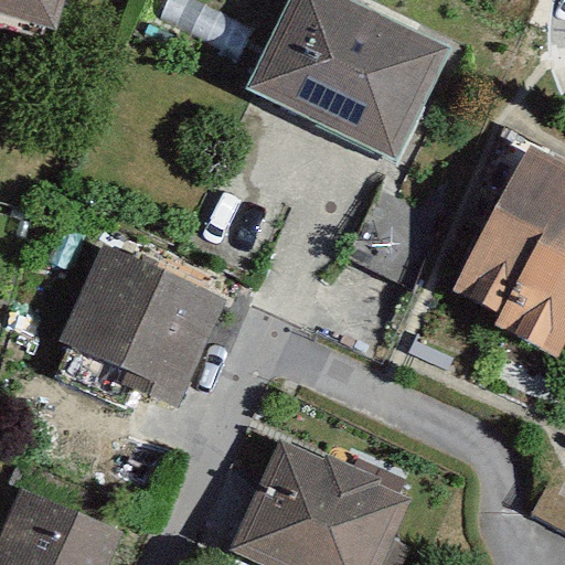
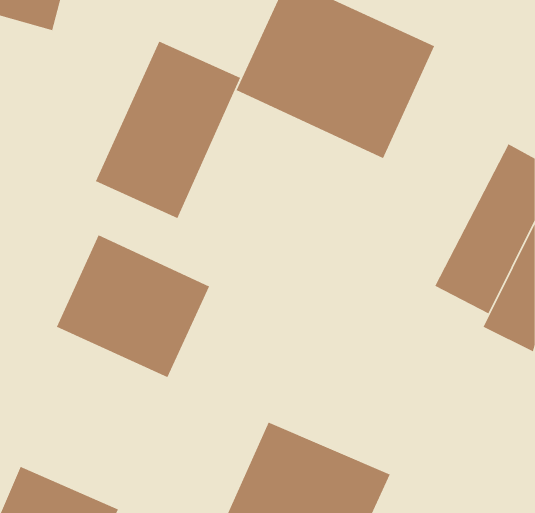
building: none -> [95,40,241,219]

